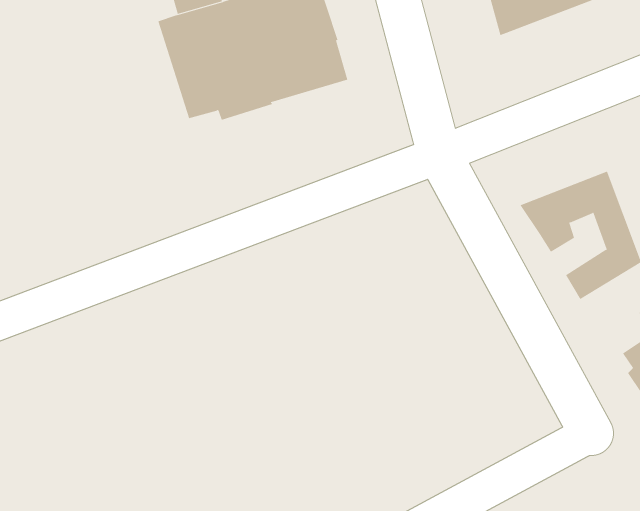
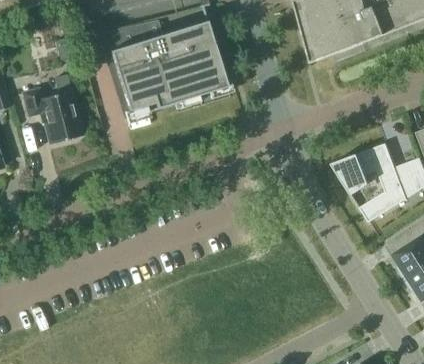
building: none -> [22,74,82,143]

